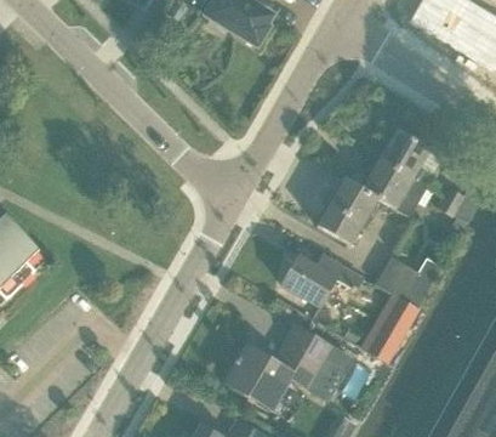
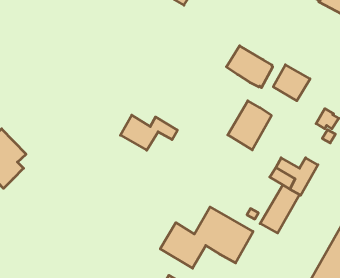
building: [363,158,427,216] -> [226,46,273,88]
building: [281,257,360,306] -> [120,115,177,150]

